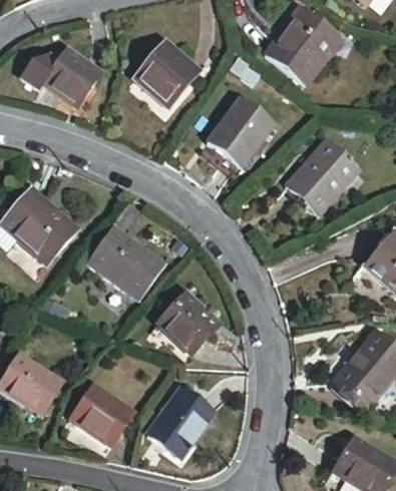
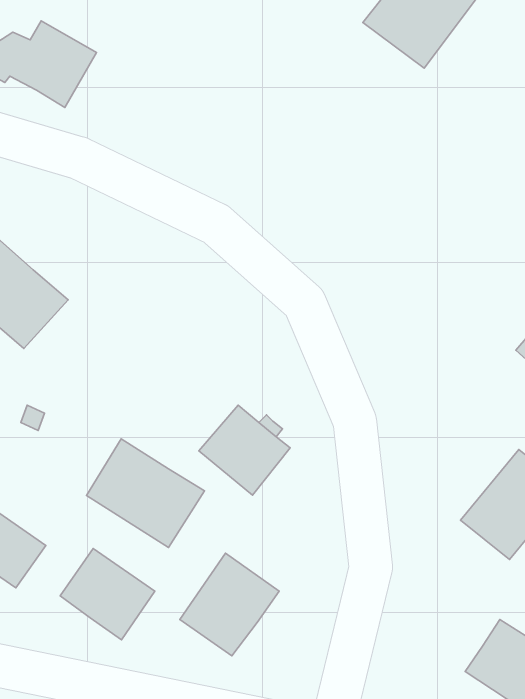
building: [139,43,199,102] -> none
building: [207,99,270,165] -> none
building: [287,142,357,212] -> none
building: [92,223,167,293] -> [86,439,205,548]

